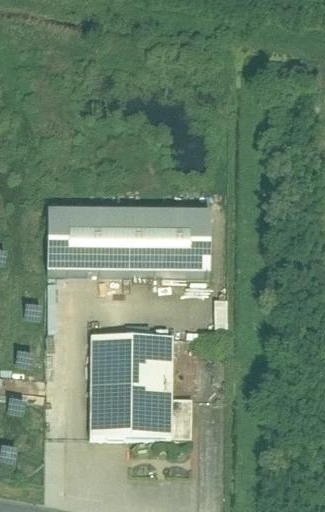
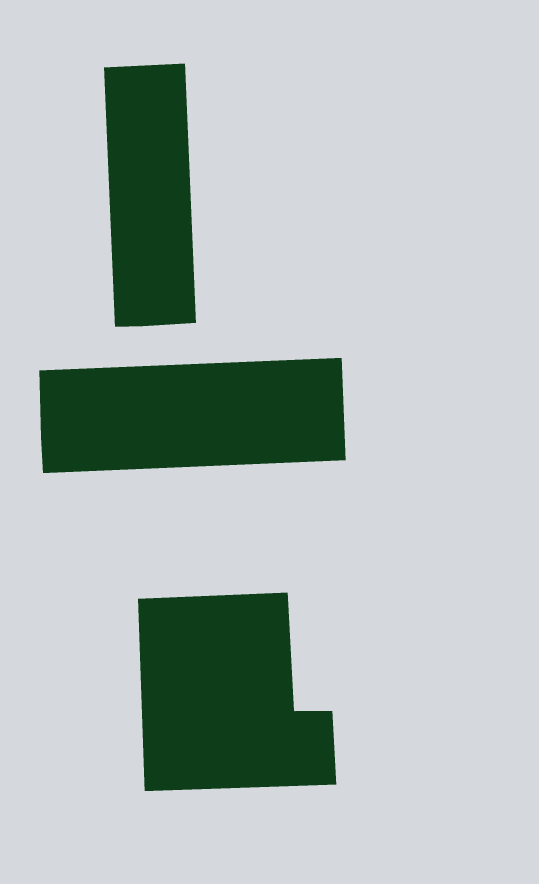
building: none -> [103,63,197,328]

